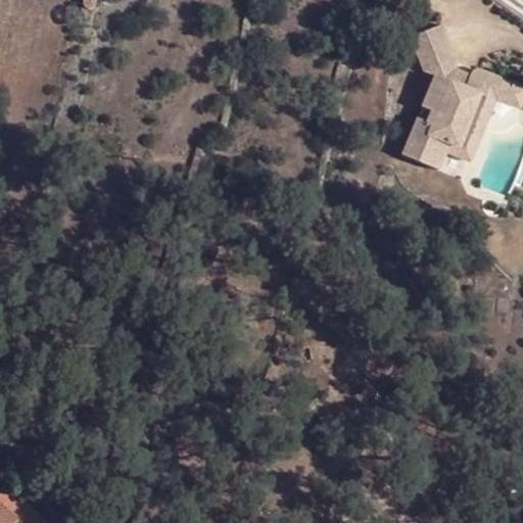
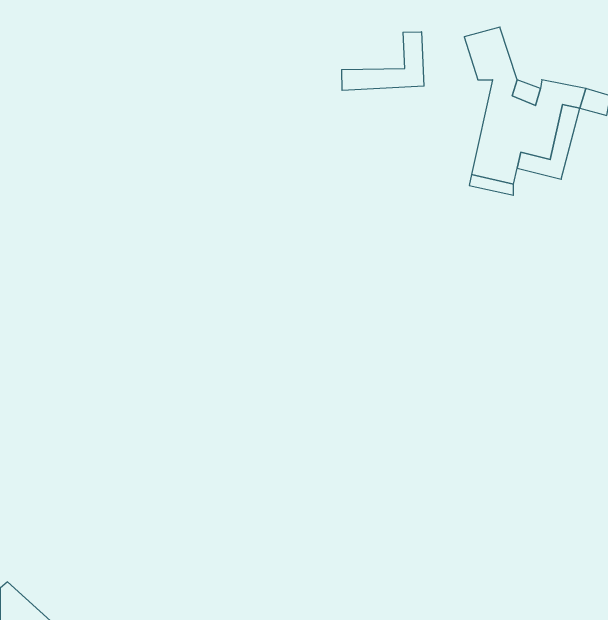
building: none -> [342,32,424,90]

